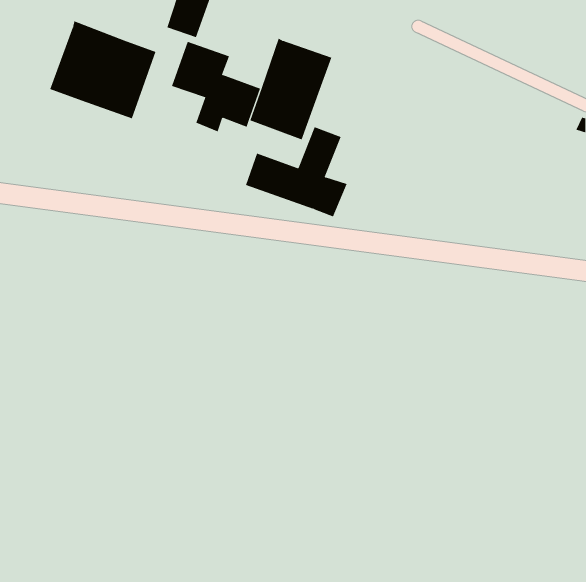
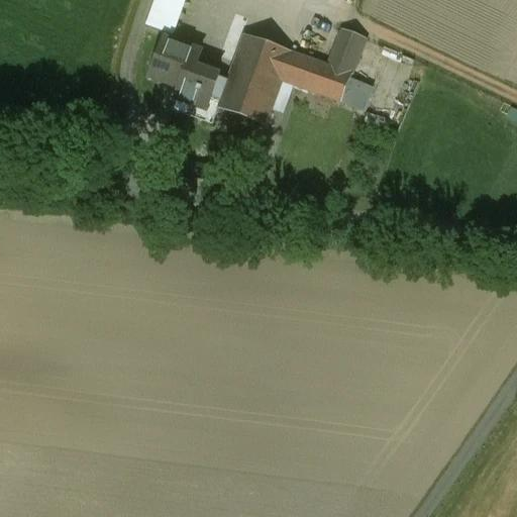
building: [49,21,156,119] -> none
building: [245,126,347,217] -> [282,27,372,107]

